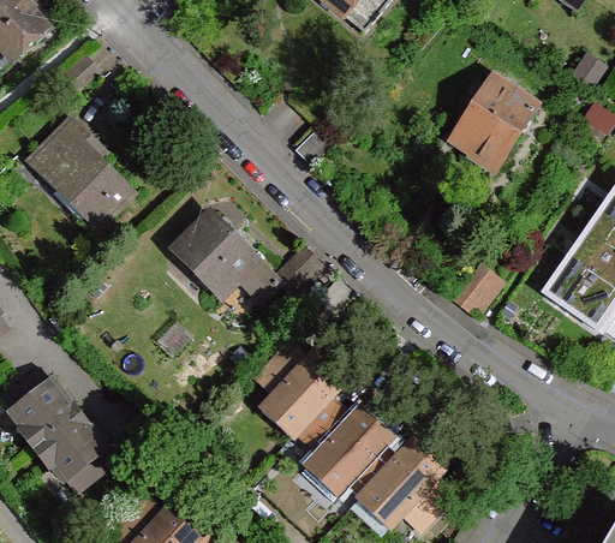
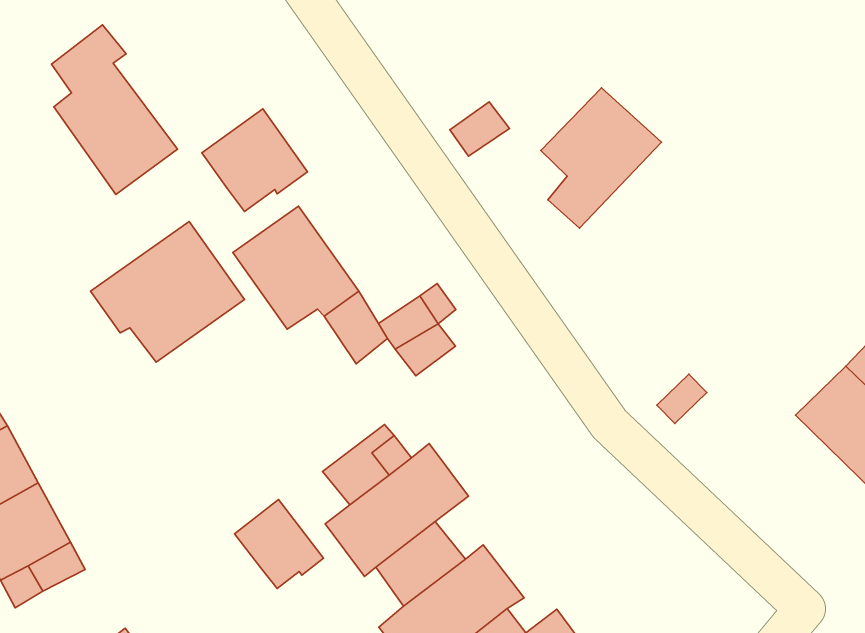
building: [459,83,533,173] -> [541,88,661,228]
building: none -> [202,109,308,211]
building: none -> [91,221,244,362]
building: none -> [234,499,324,589]

